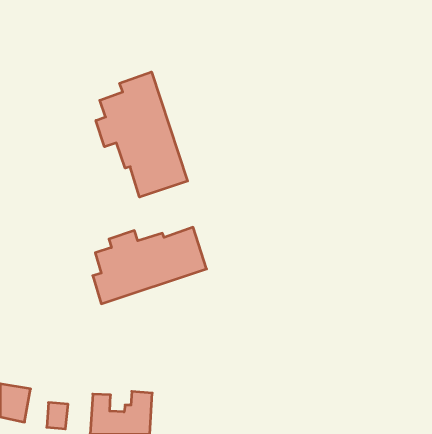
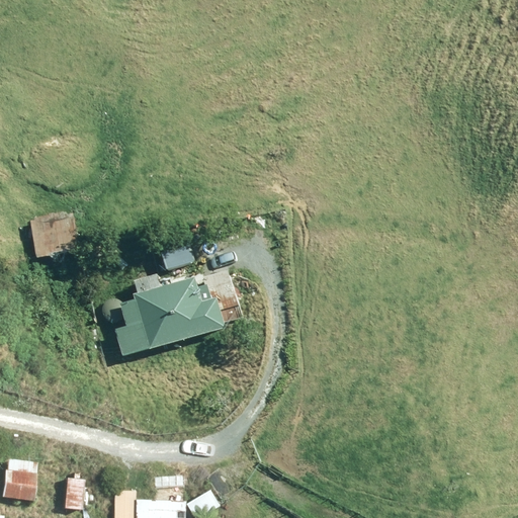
building: [96,72,188,197] -> none
building: none -> [31,217,80,265]

